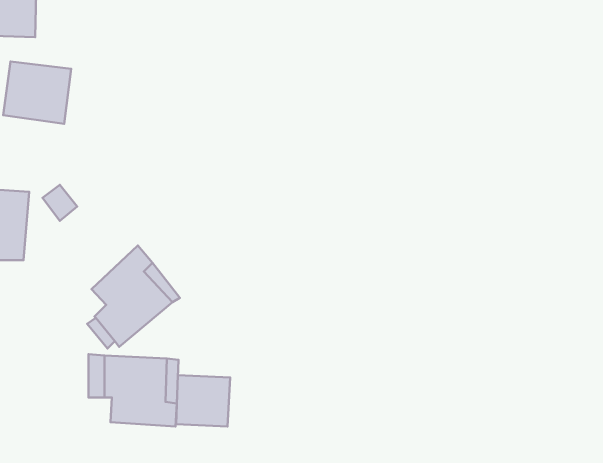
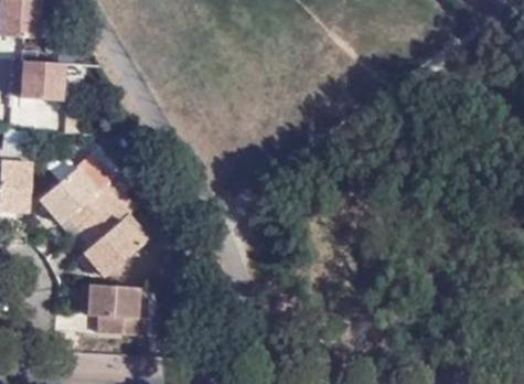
building: none -> [41,172,118,235]
building: [176,375,230,427] -> none

